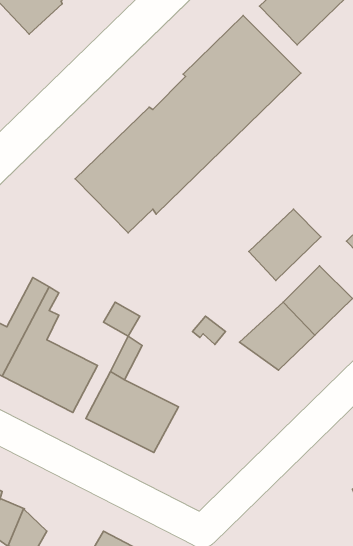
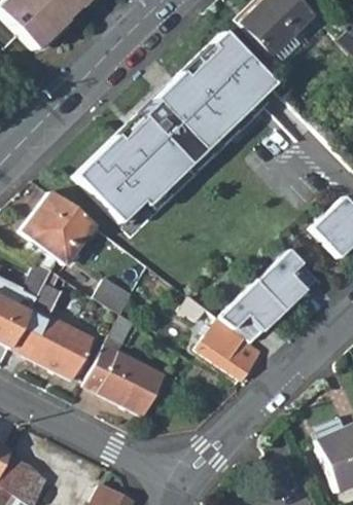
building: none -> [22,191,95,264]
building: [249,209,321,281] -> none
building: none -> [196,317,262,376]

